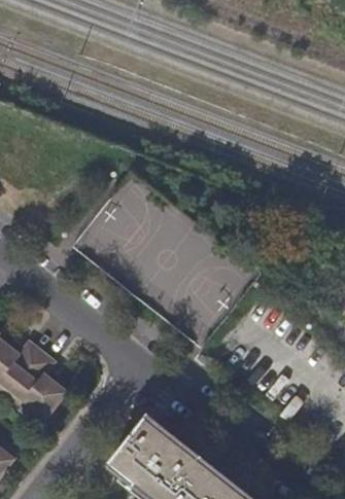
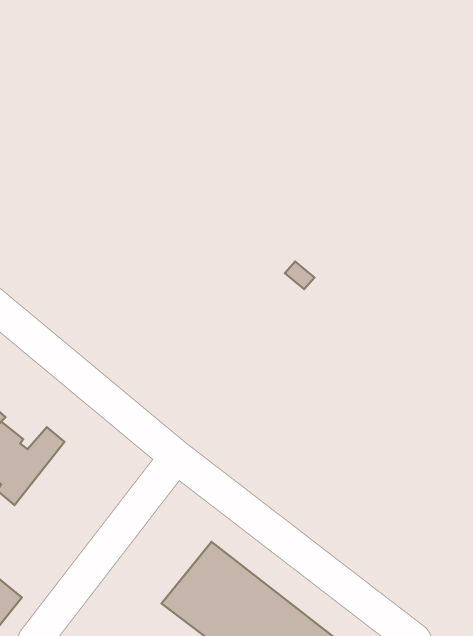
building: [13,354,72,422] -> none

